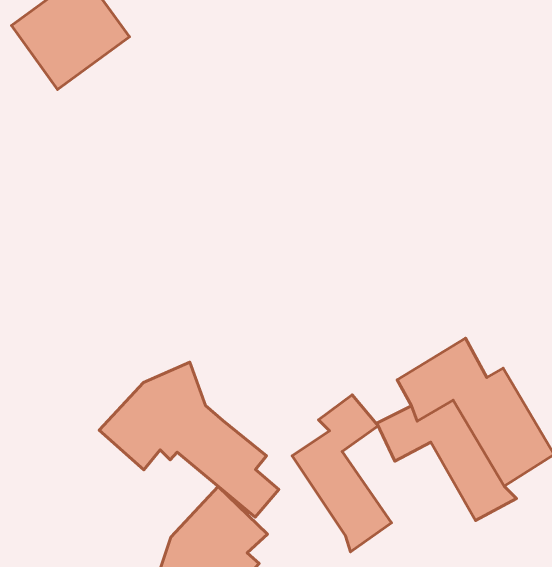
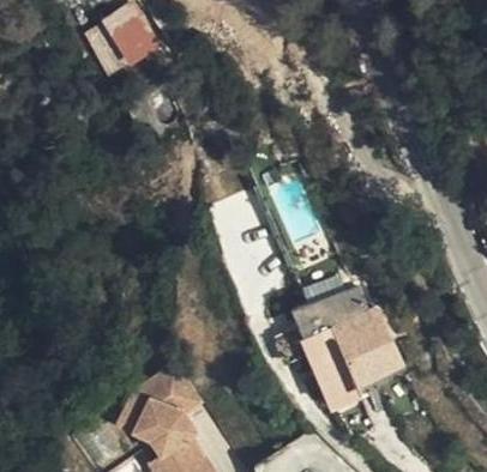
building: [99,362,279,517] -> none
building: [292,395,391,552] -> none

